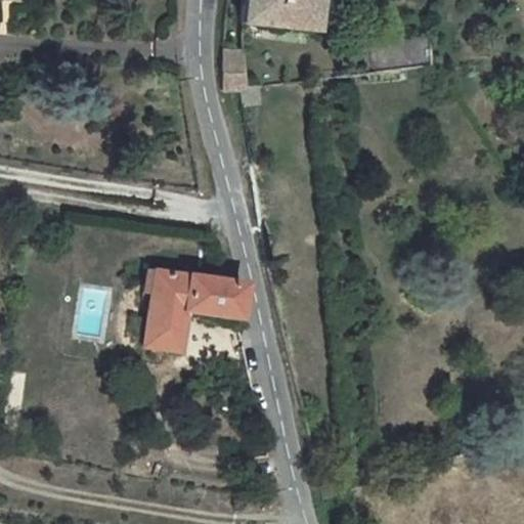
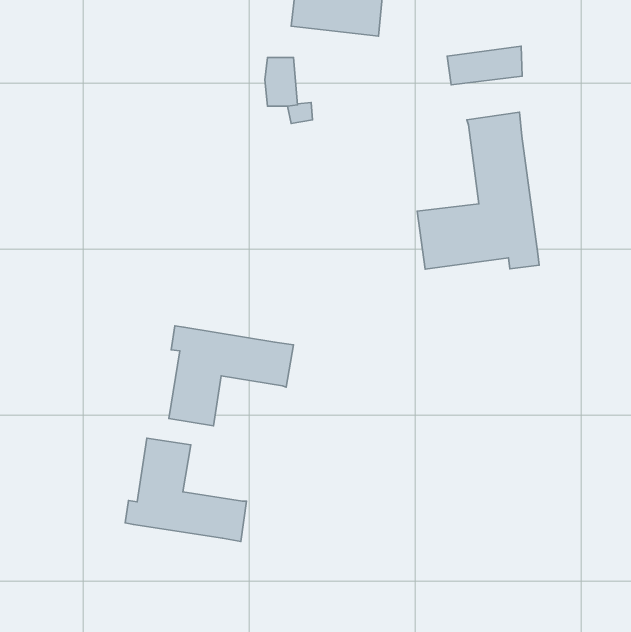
building: none -> [417,112,539,269]
building: none -> [125,438,246,541]

